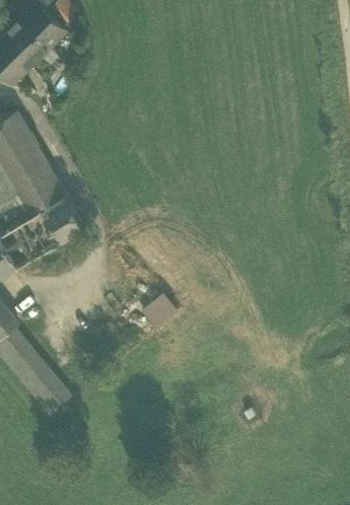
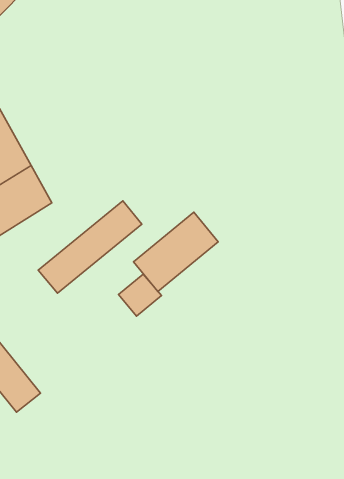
building: none -> [38,201,142,293]
building: none -> [134,212,218,291]

